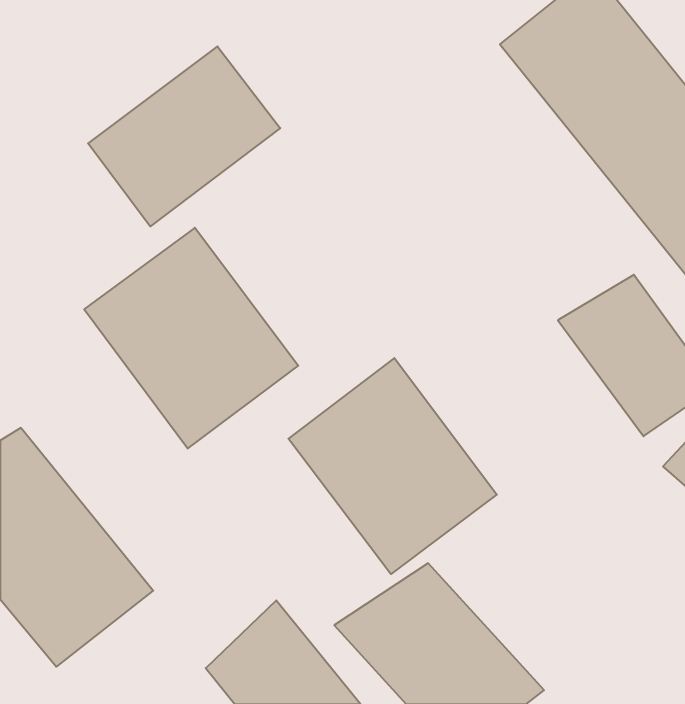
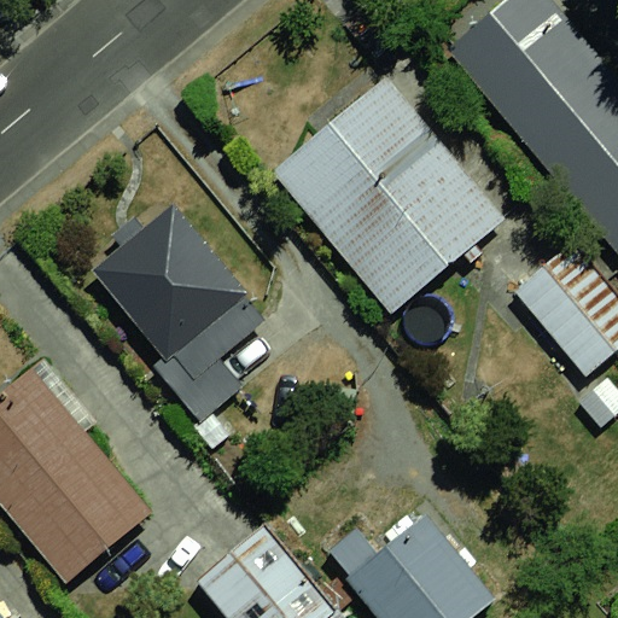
building: [88,46,280,226] -> none
building: none -> [272,83,496,313]
building: [288,358,497,574] -> none

